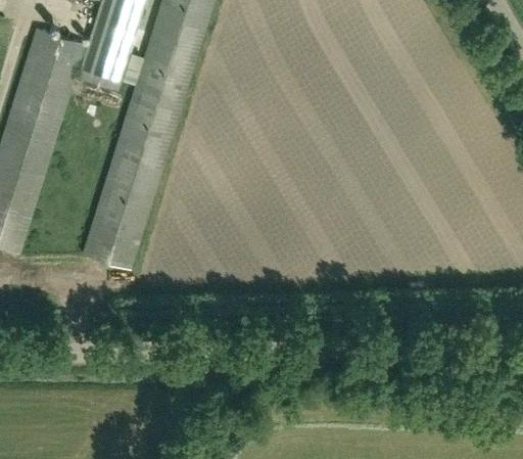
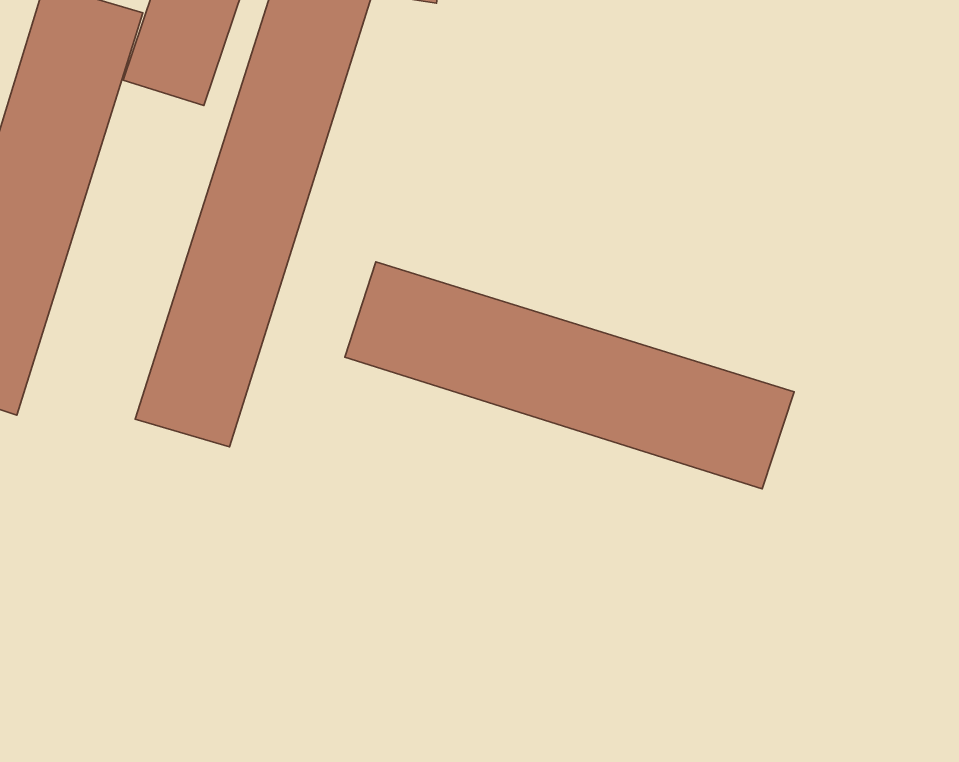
building: none -> [345,262,794,489]

